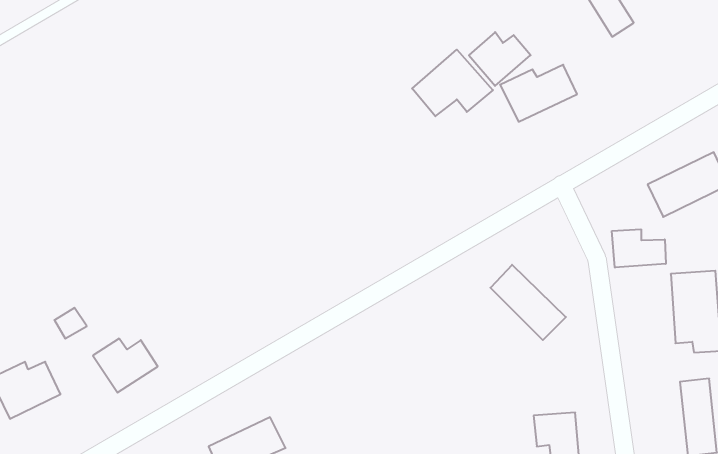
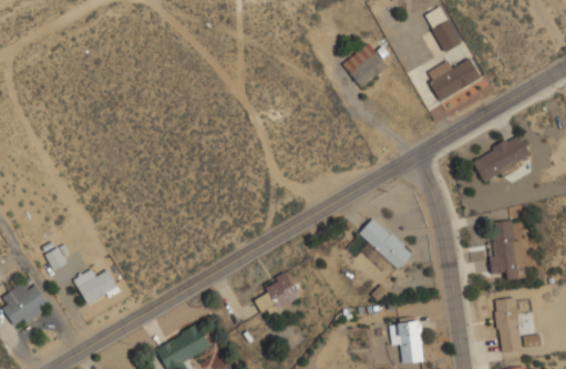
building: [412,50,493,116] -> none
building: [500,65,577,122] -> [425,59,481,100]
building: [612,229,666,268] -> none
building: none -> [255,275,299,316]

